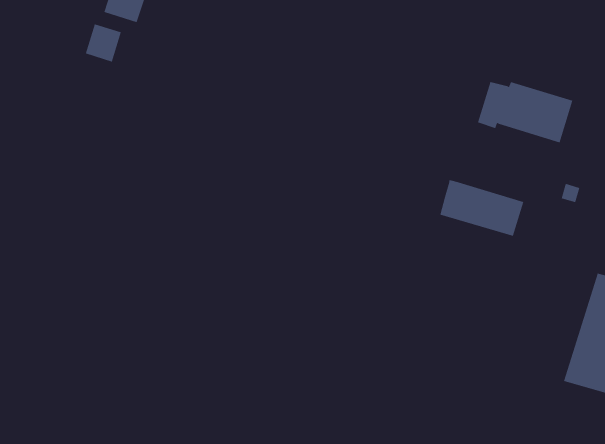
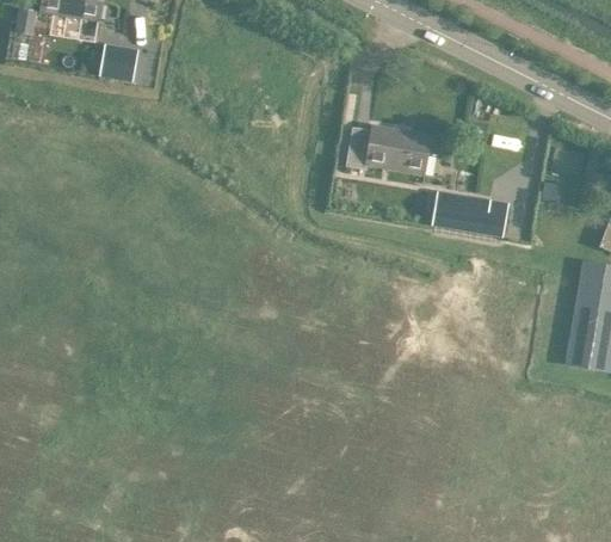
building: [85,24,122,62] -> none
building: [477,81,573,143] -> [346,124,432,175]

